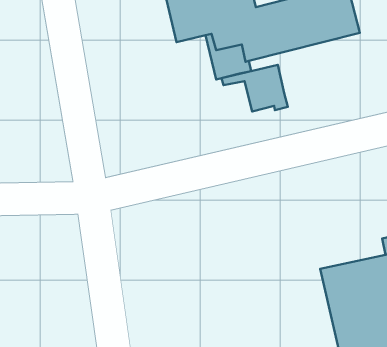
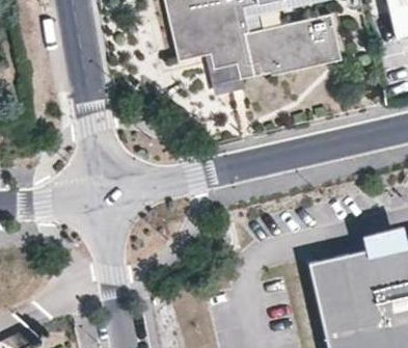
building: [221,65,288,112] -> none

